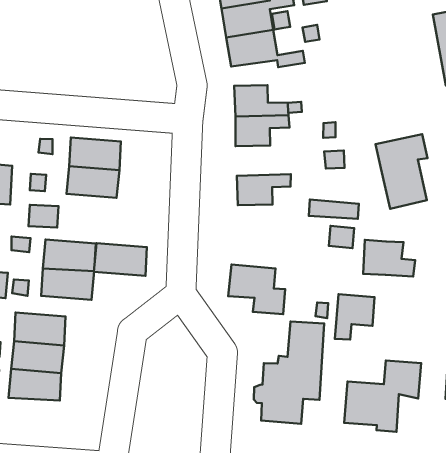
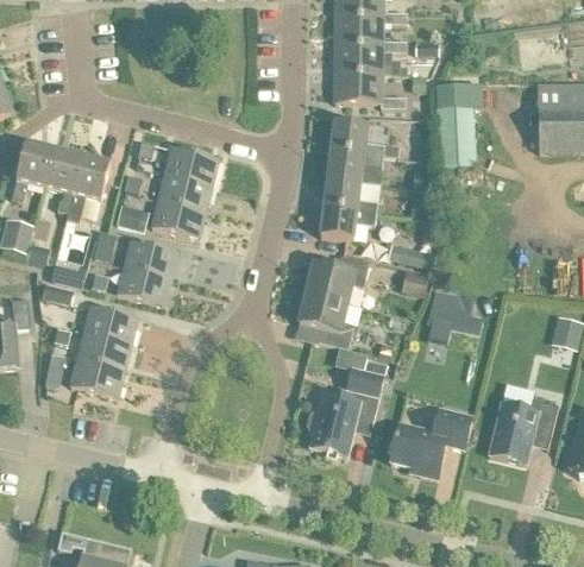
building: [376,134,427,209] -> [434,83,482,150]
building: none -> [324,179,377,215]
building: none -> [304,256,368,303]
building: [94,243,147,276] -> [150,199,205,238]
building: [335,294,375,340] -> none

